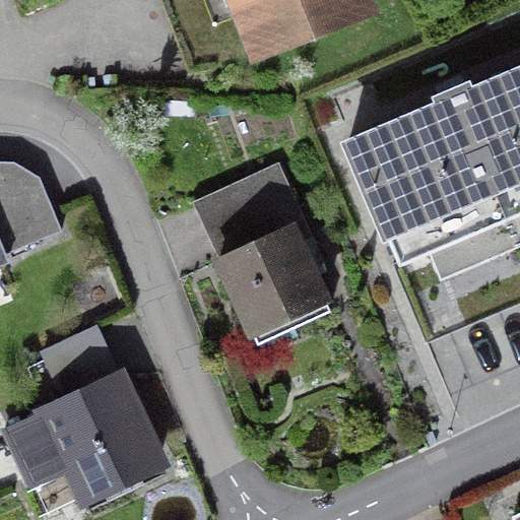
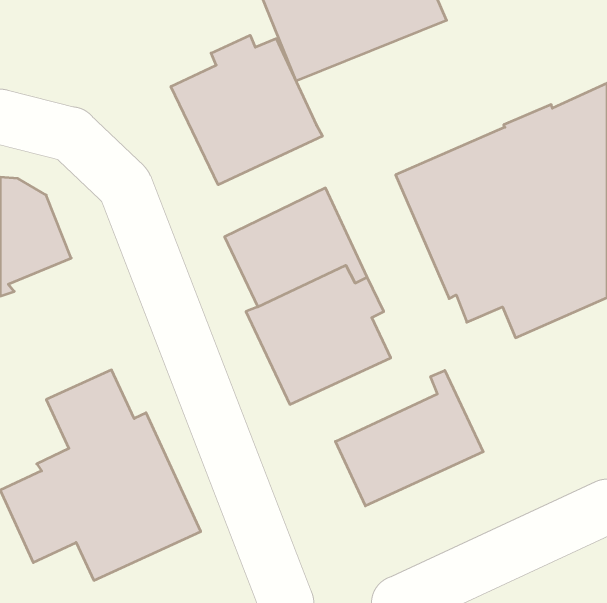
building: none -> [171,35,322,185]
building: none -> [335,370,483,506]

